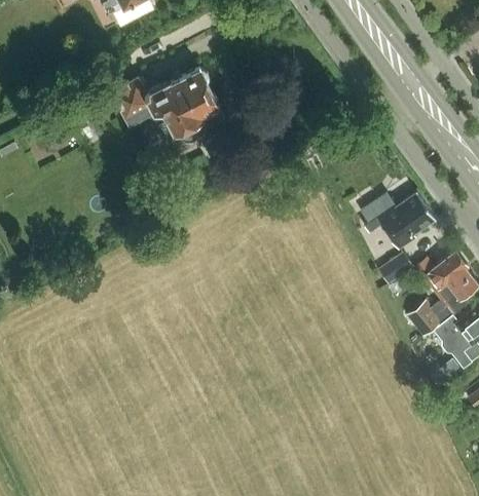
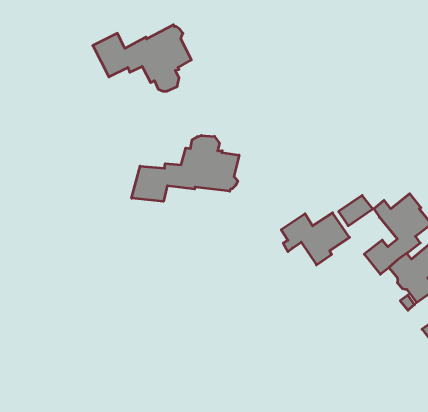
building: none -> [132,135,239,201]
building: [362,192,436,249] -> [281,213,350,265]

